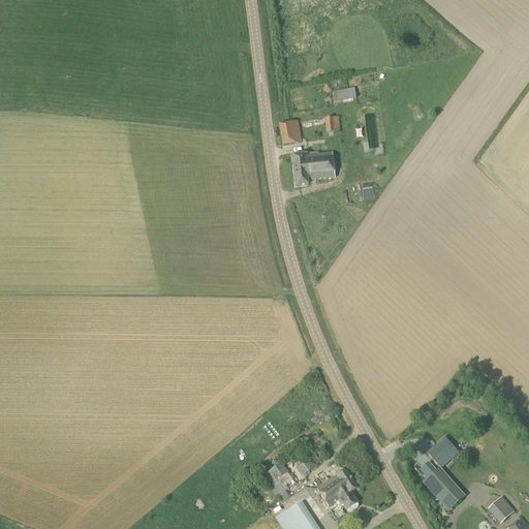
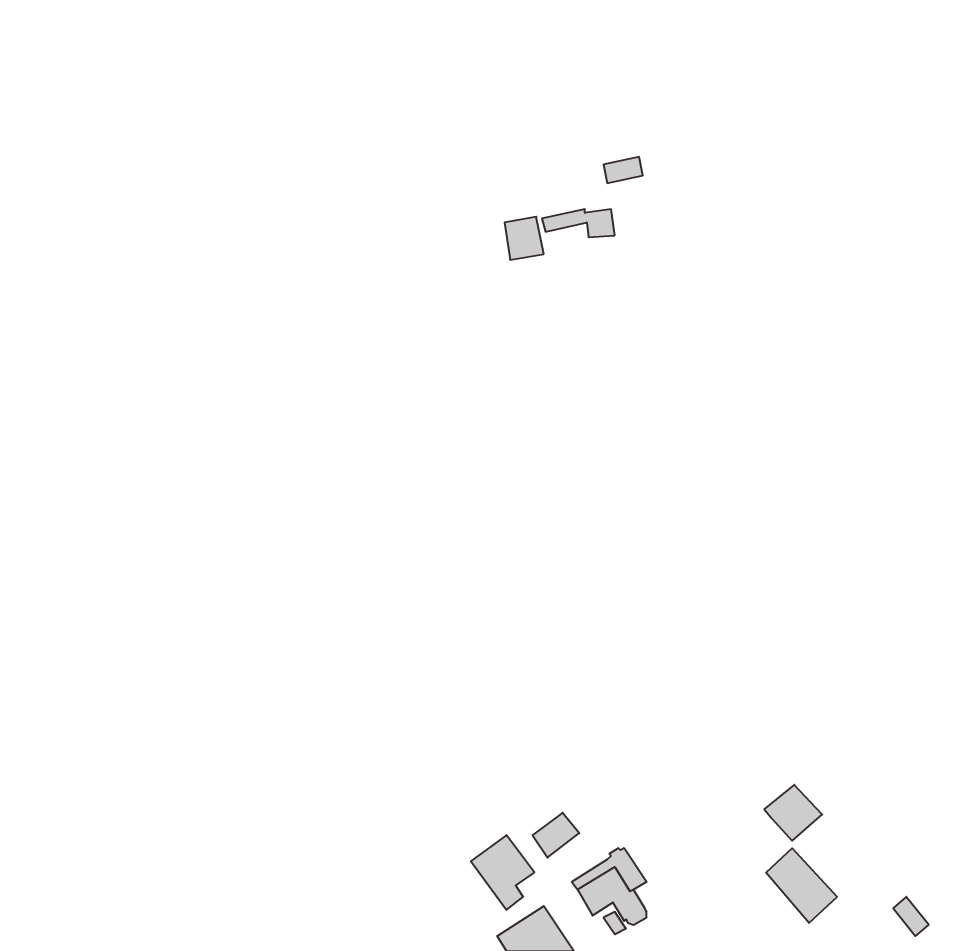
building: [293,145,336,184] -> none

